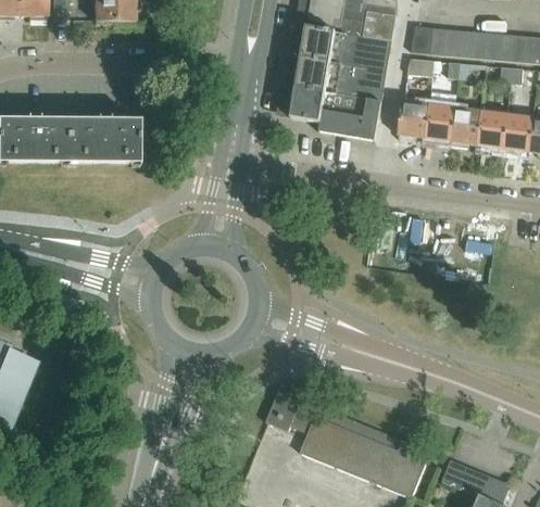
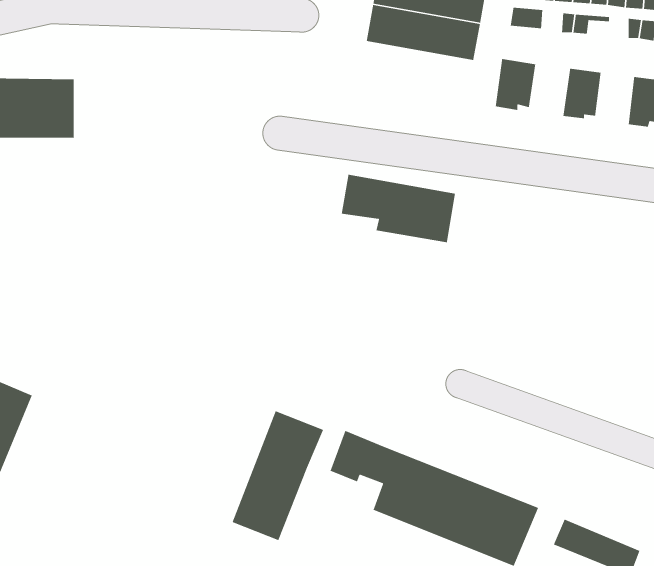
building: [290,86,380,140] -> [341,174,456,243]
building: [424,103,455,144] -> none
building: [476,110,505,151] -> none
building: [67,115,139,166] -> none
building: none -> [231,410,324,541]

